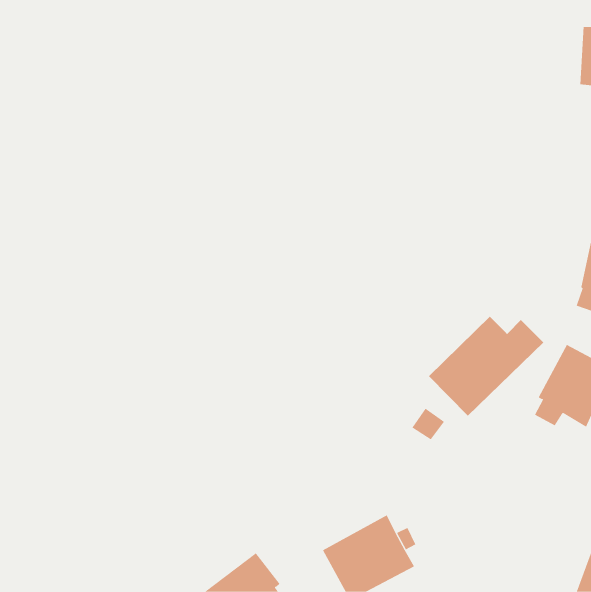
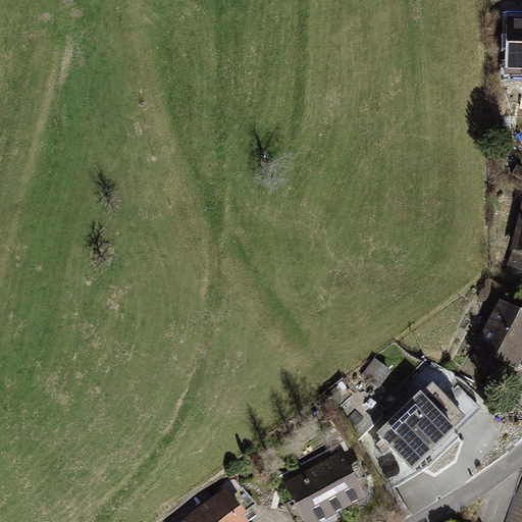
building: [428,316,544,417] -> [377,382,479,471]

